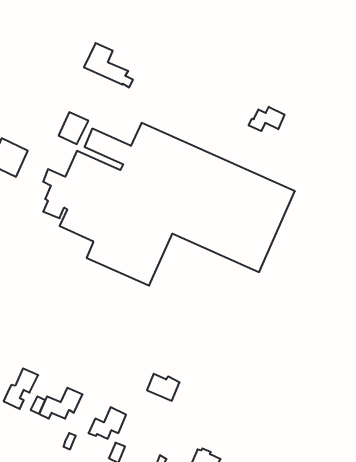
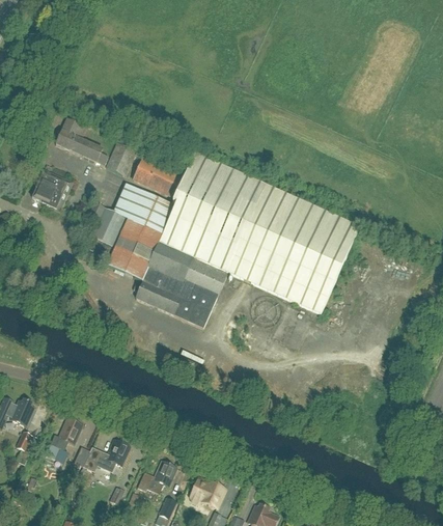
building: [84,43,133,87] -> [55,117,108,165]
building: [249,107,284,131] -> none
building: [147,374,180,401] -> [190,478,225,507]

